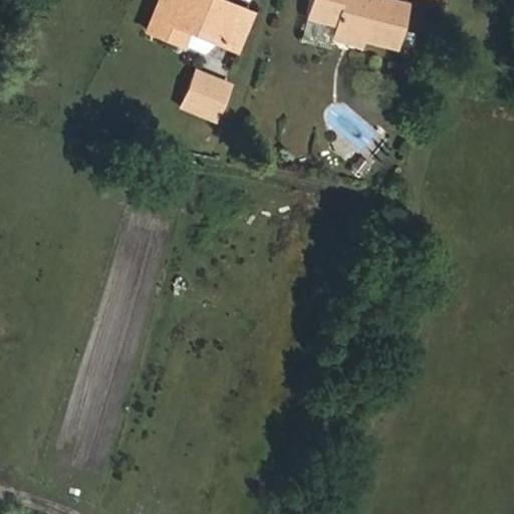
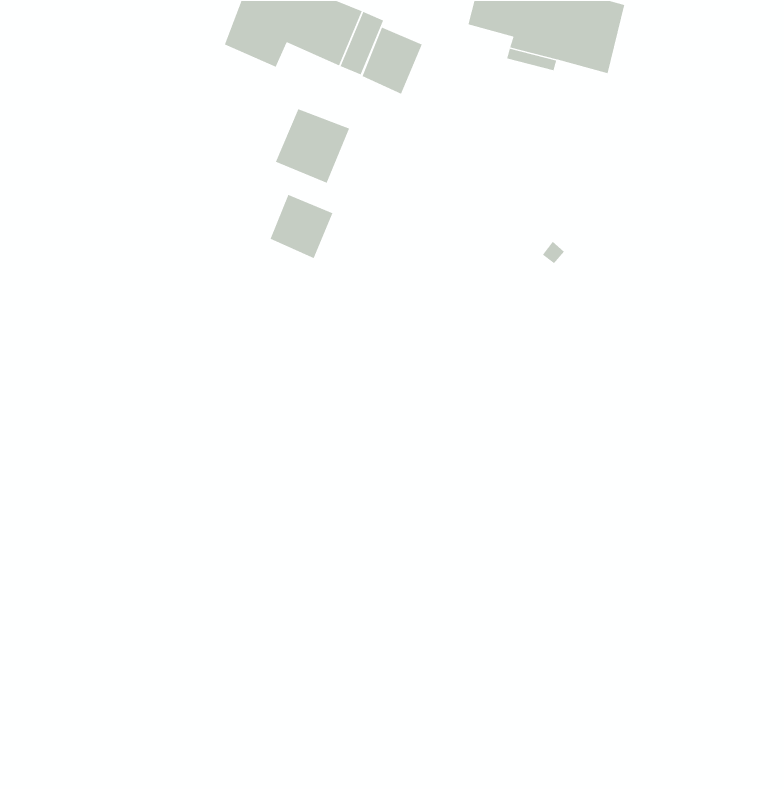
building: none -> [361,27,423,95]
building: none -> [270,194,333,259]

